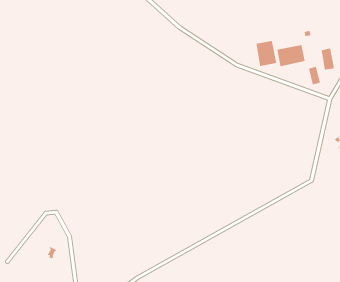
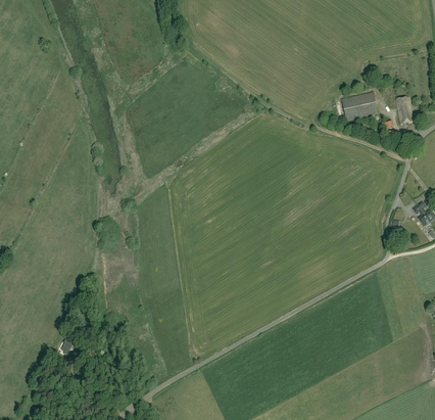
building: [256,40,277,67] -> none

